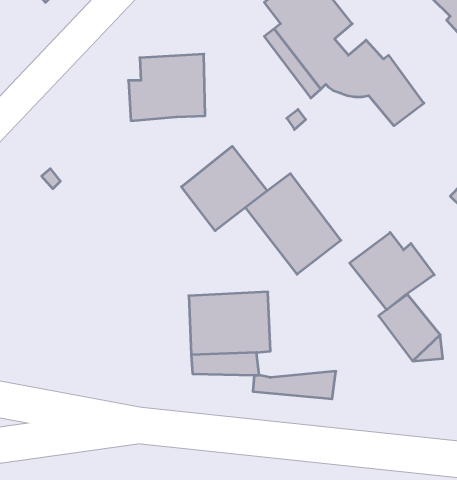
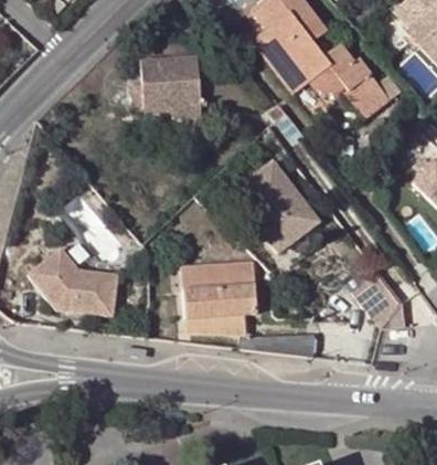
building: [181,146,267,231] -> none
building: [350,232,434,310] -> none
building: none -> [25,249,117,319]

